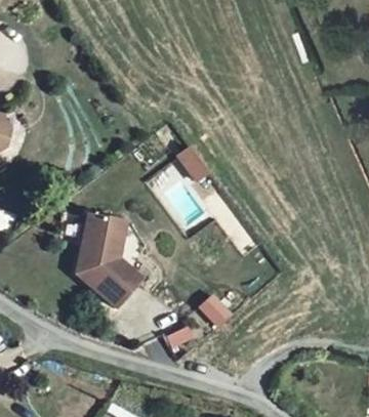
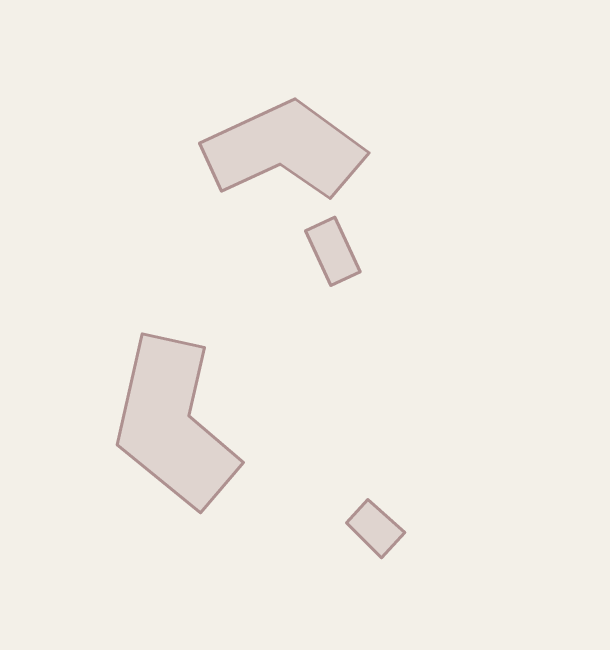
building: none -> [200,99,369,199]

